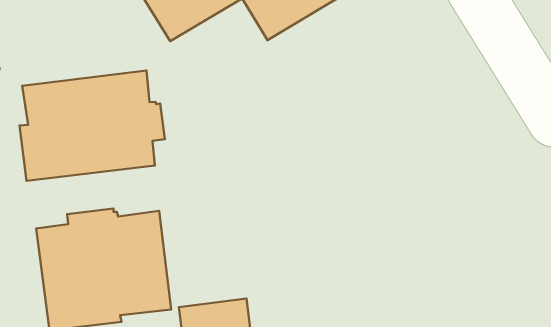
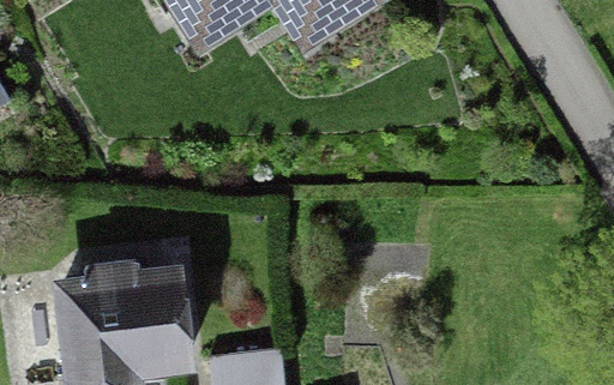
building: [20,71,165,181] -> none

